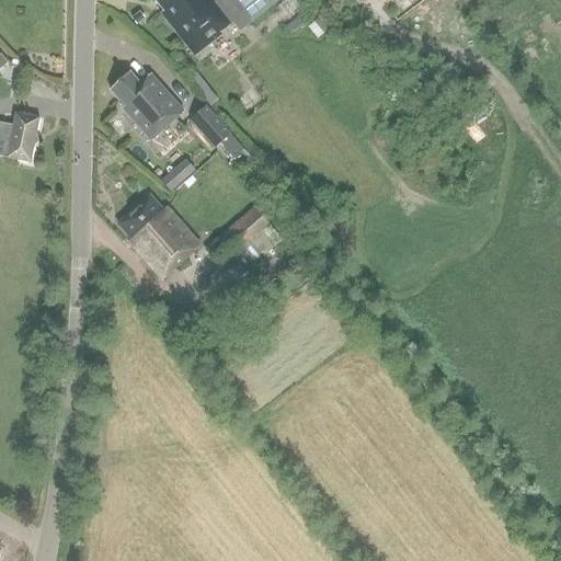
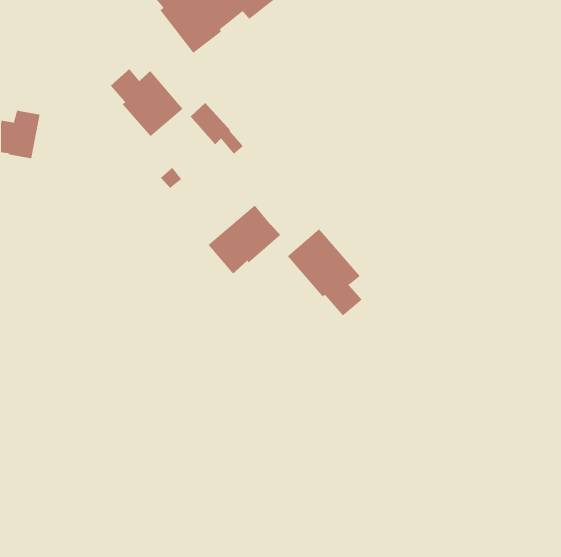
building: [117,192,199,275] -> none
building: none -> [287,228,363,316]

